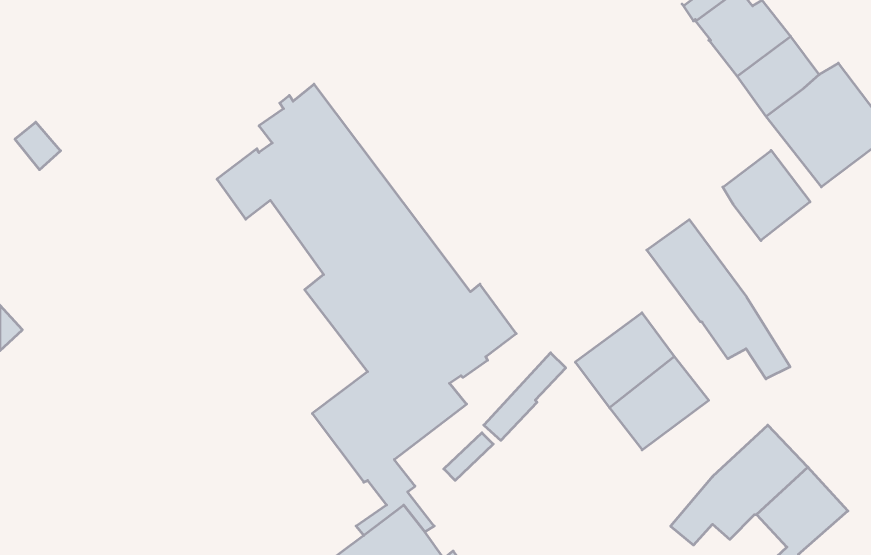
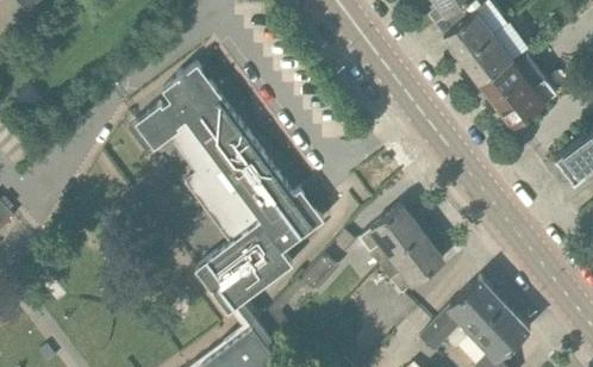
building: [723,150,810,241] -> none
building: [647,220,790,379] -> none

